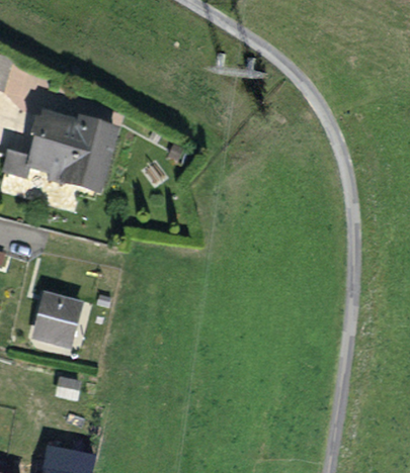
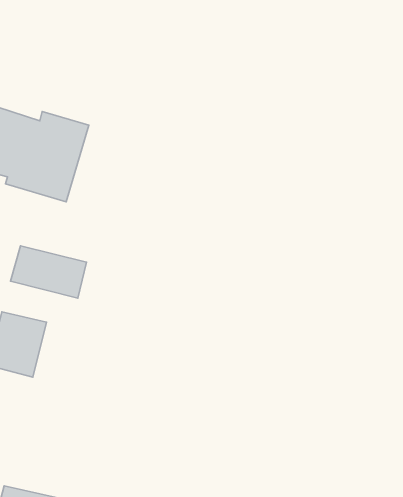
building: none -> [10,246,86,298]

